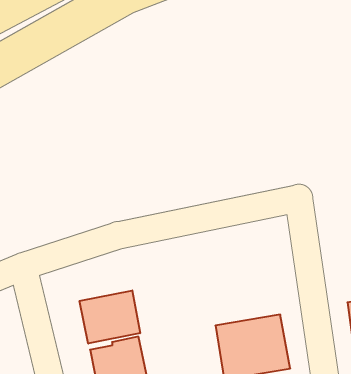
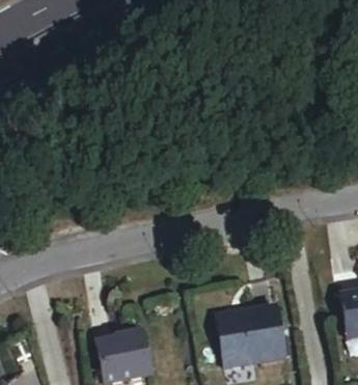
building: [80,290,140,344] -> none

